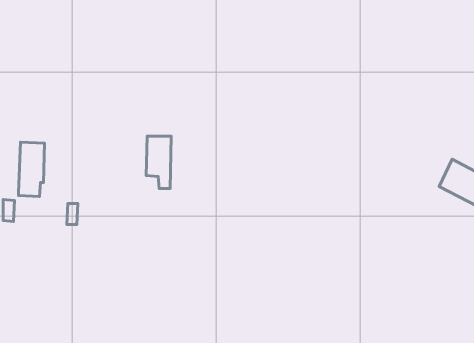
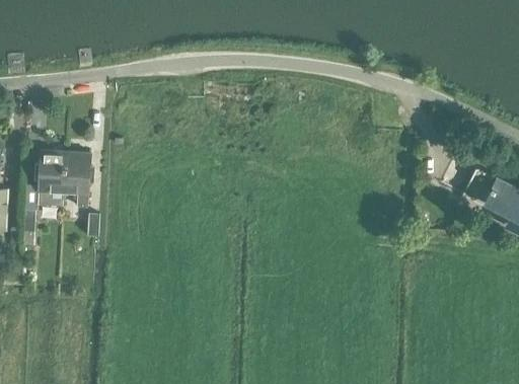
building: [146,136,171,189] -> [64,152,89,205]

